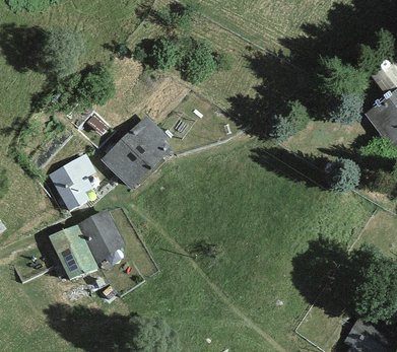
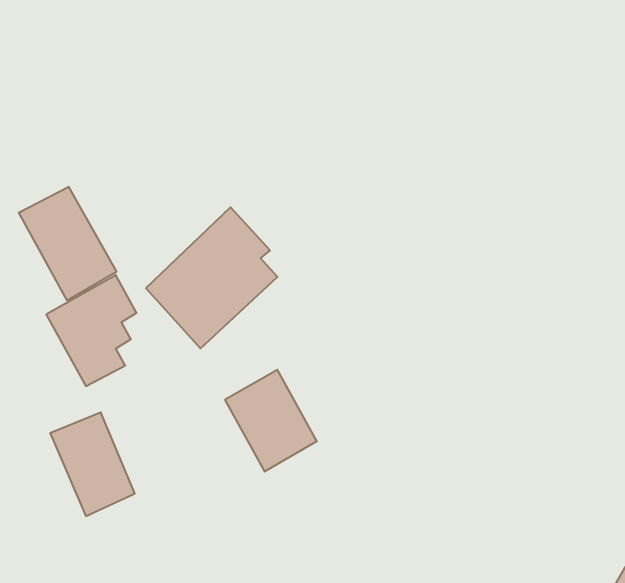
building: none -> [19,187,116,300]
building: [76,208,126,263] -> [225,370,317,471]

